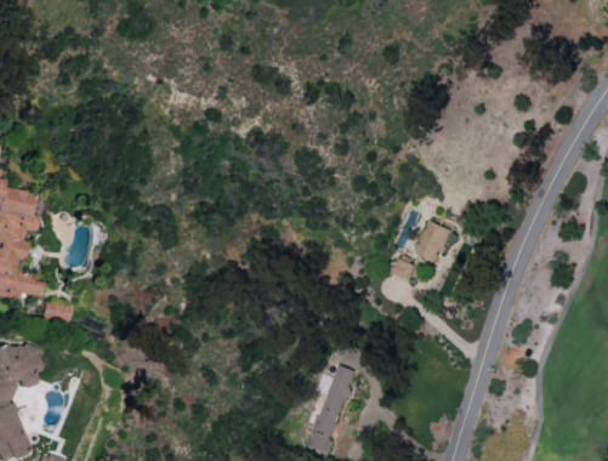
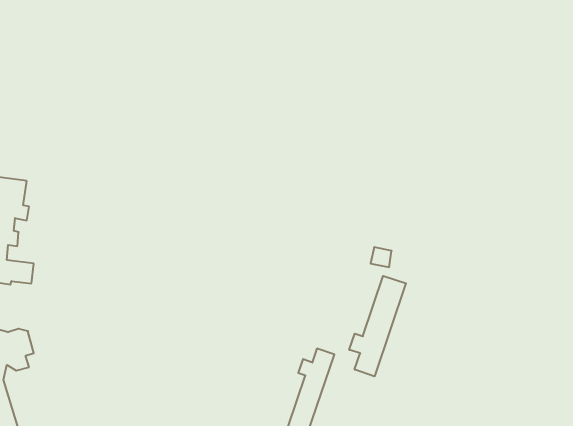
building: [415,221,451,261] -> none
building: none -> [349,276,406,376]

